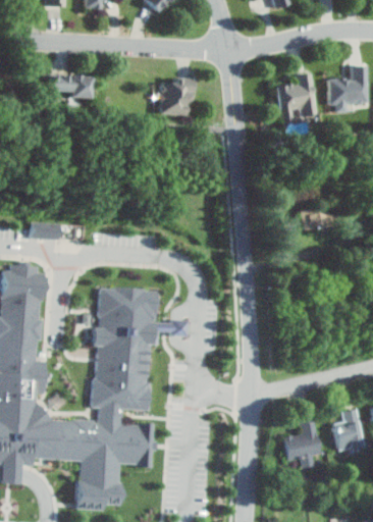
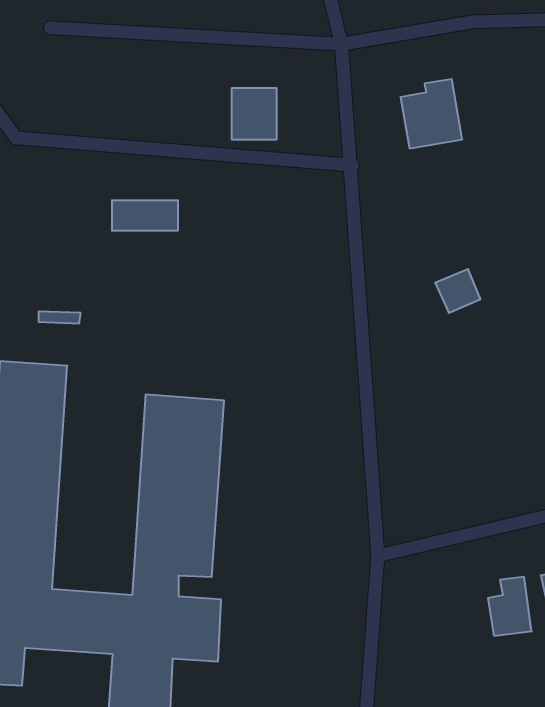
building: [327,65,366,112] -> none
building: [45,75,90,96] -> [112,200,178,231]
building: [281,421,320,468] -> none

